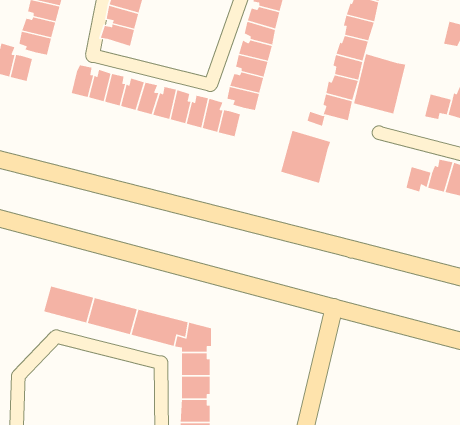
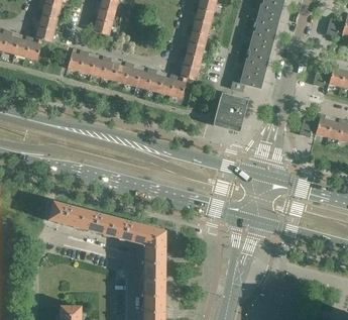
building: [353,53,406,114] -> none

